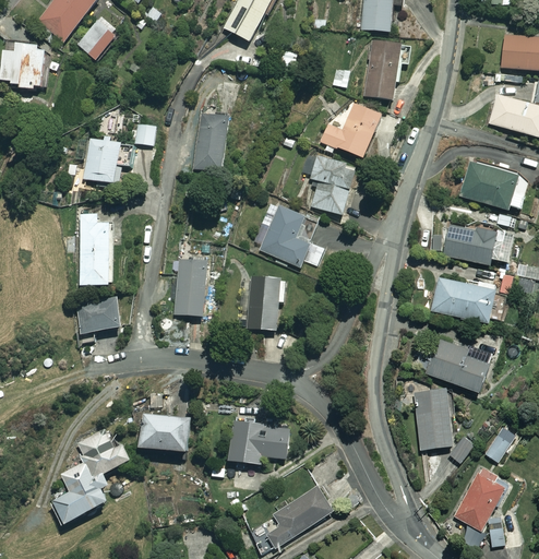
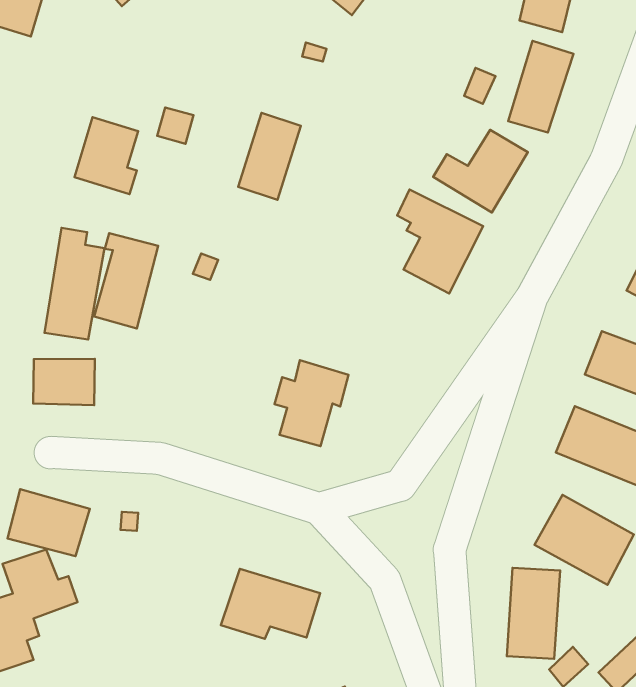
building: [254,201,325,267] -> none
building: [173,257,208,317] -> [94,233,158,328]
building: [140,414,191,452] -> [7,489,90,556]

